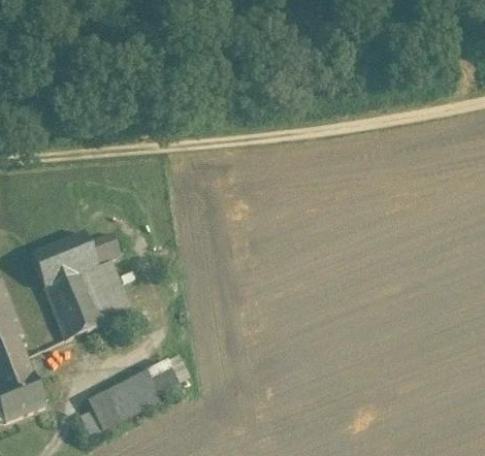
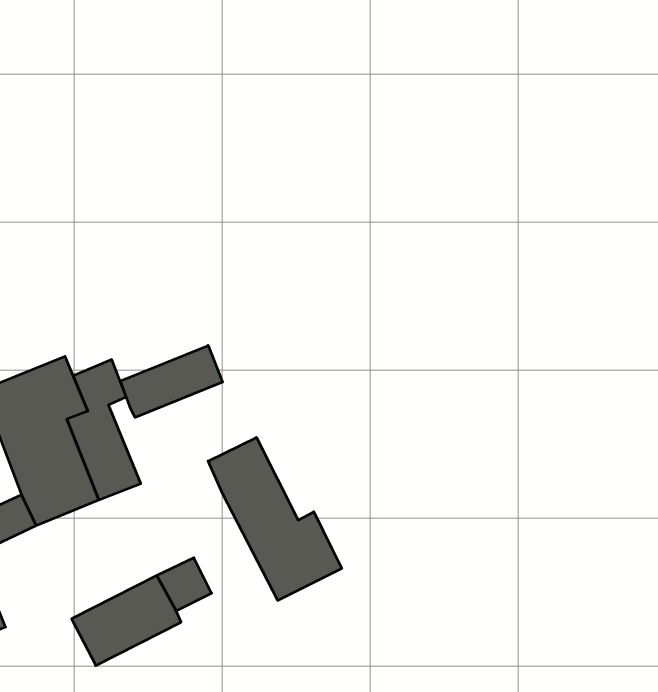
building: none -> [121,345,223,417]
building: none -> [208,437,342,600]

